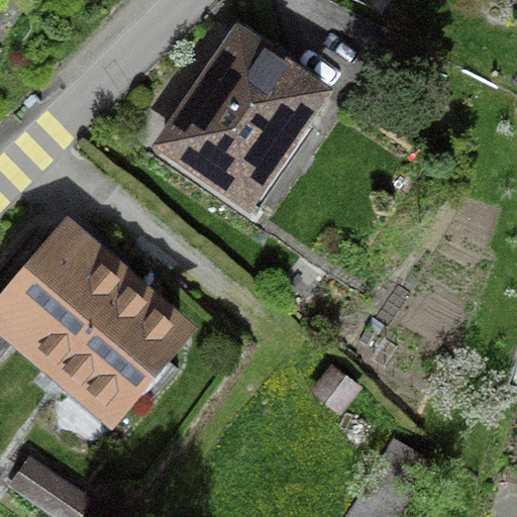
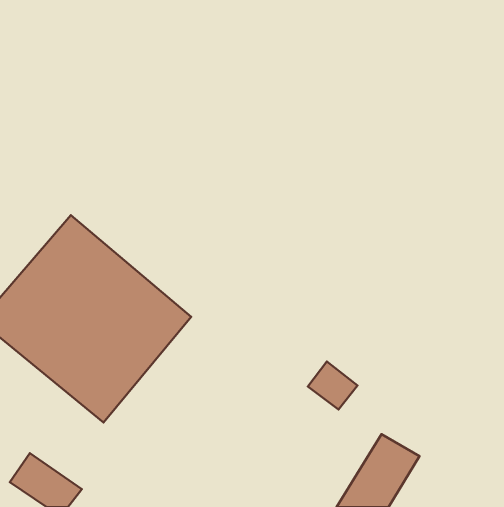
building: [154,22,342,212] -> none

